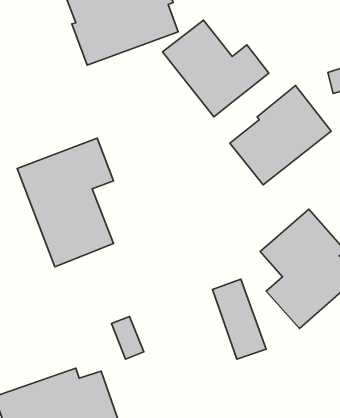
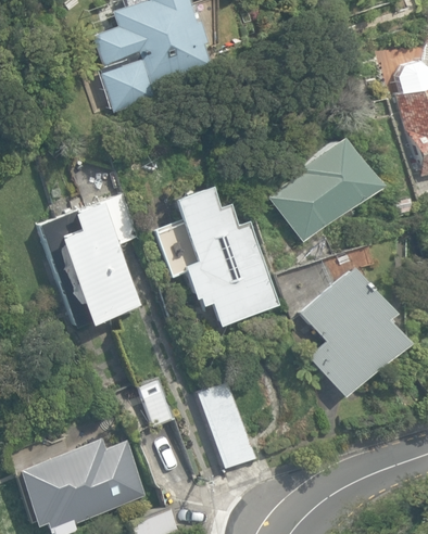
building: [163,20,269,117] -> none
building: none -> [155,186,279,326]
building: [213,279,266,359] -> [200,382,257,468]

